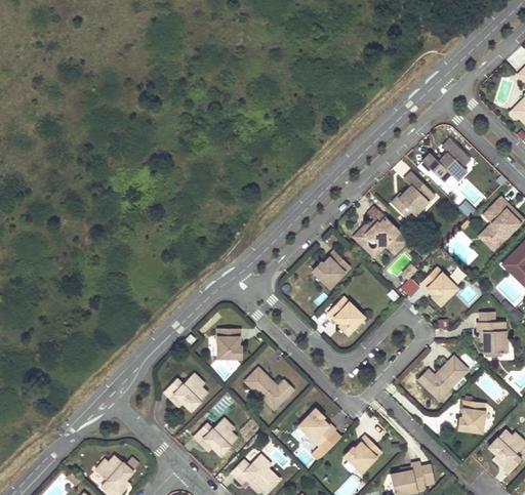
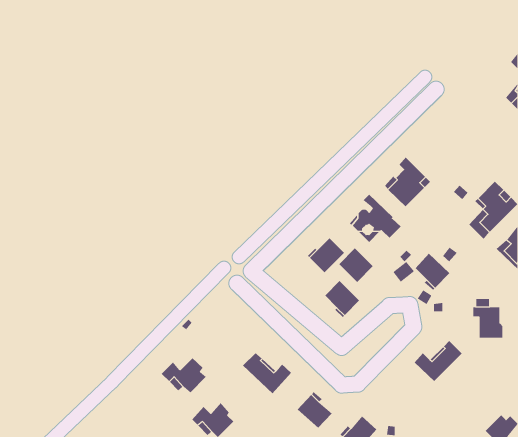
building: [420,140,471,182] -> none
building: none -> [338,248,374,283]
building: [214,330,236,360] -> none
building: [463,402,485,432] -> none

